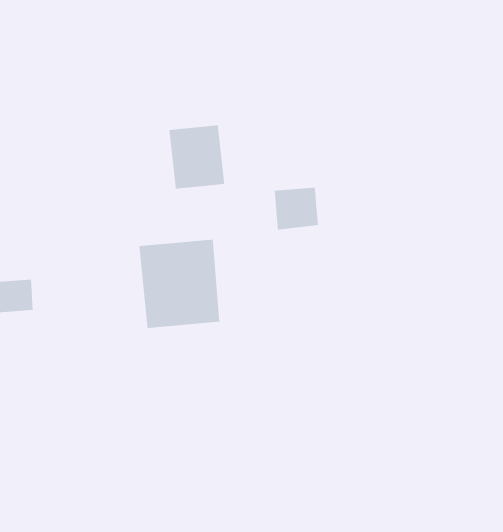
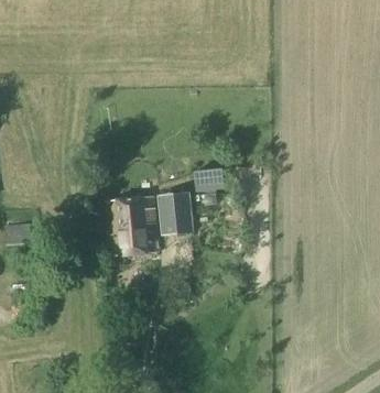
building: [169,124,225,189] -> [158,193,195,236]

